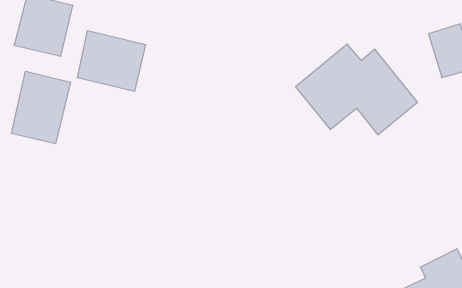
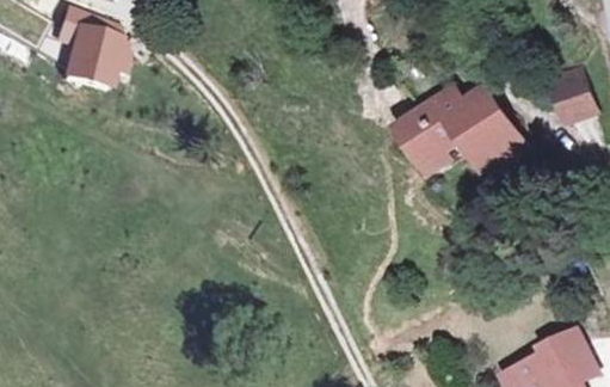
building: [77,31,146,91] -> none
building: [11,71,70,144] -> none

